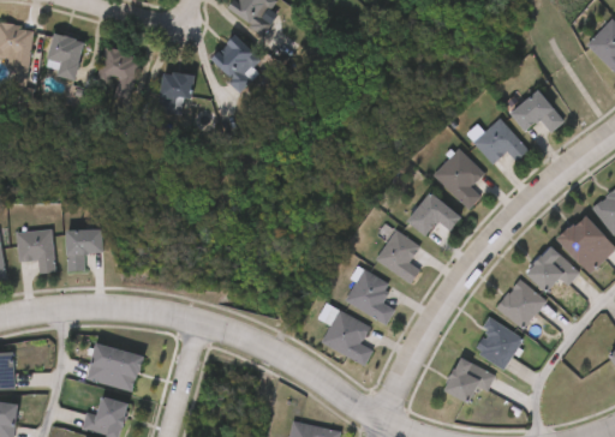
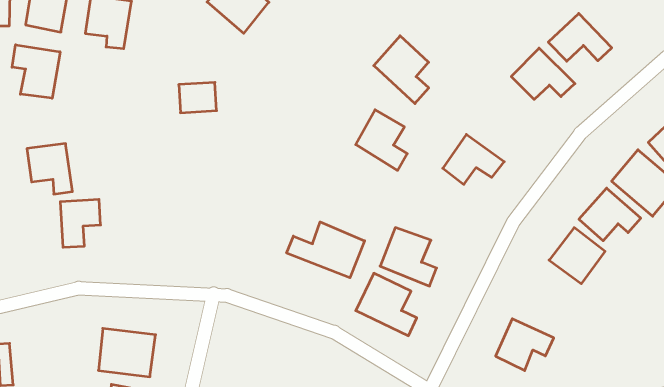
building: [156,72,189,97] -> [179,82,217,113]
building: none -> [12,45,60,98]
building: [435,149,484,210] -> [374,36,429,104]
building: [16,229,54,274] -> [27,144,72,194]
building: [377,229,423,285] -> [356,110,407,170]
building: none -> [287,222,365,278]
building: [473,318,526,371] -> none

